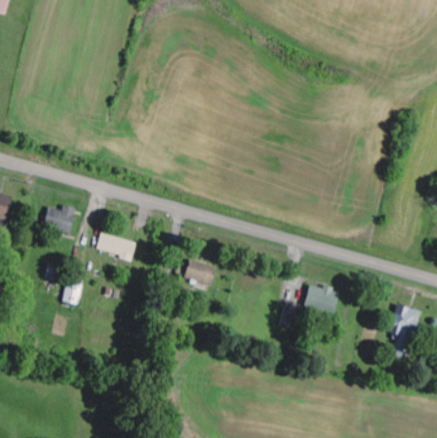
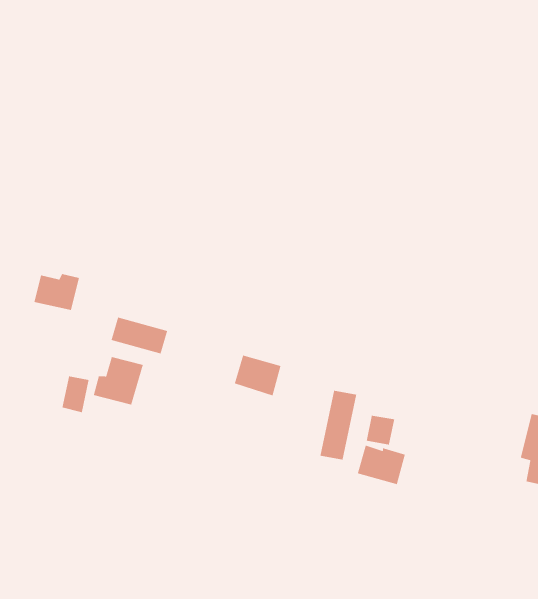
building: none -> [93,356,144,406]
building: [304,282,339,311] -> [357,444,406,485]
building: none -> [320,390,357,461]

